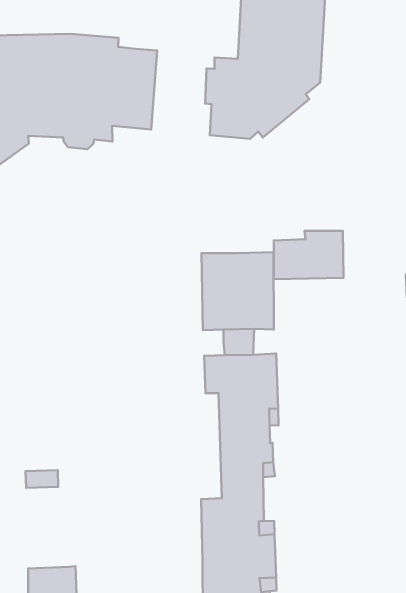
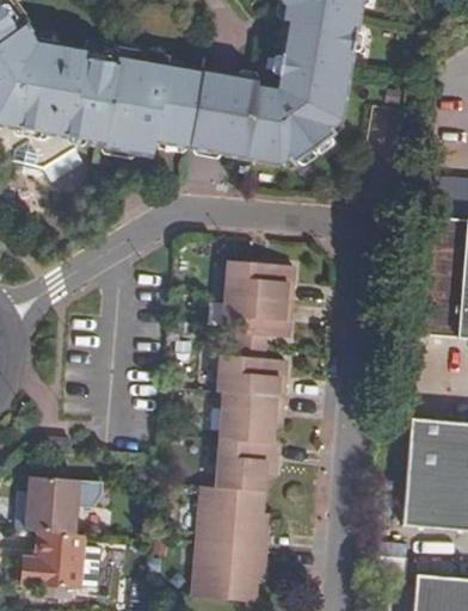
building: none -> [191,69,258,154]
building: [274,231,343,279] -> none
building: none -> [16,486,76,541]

